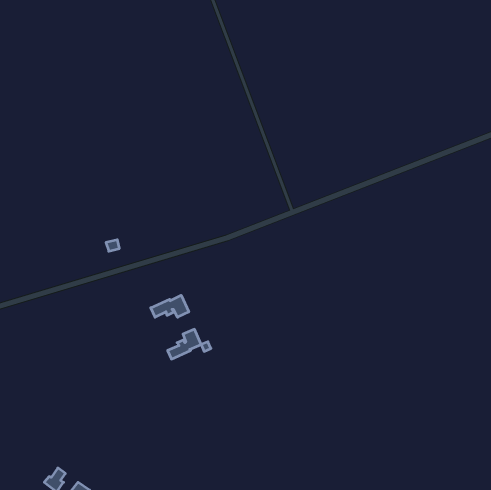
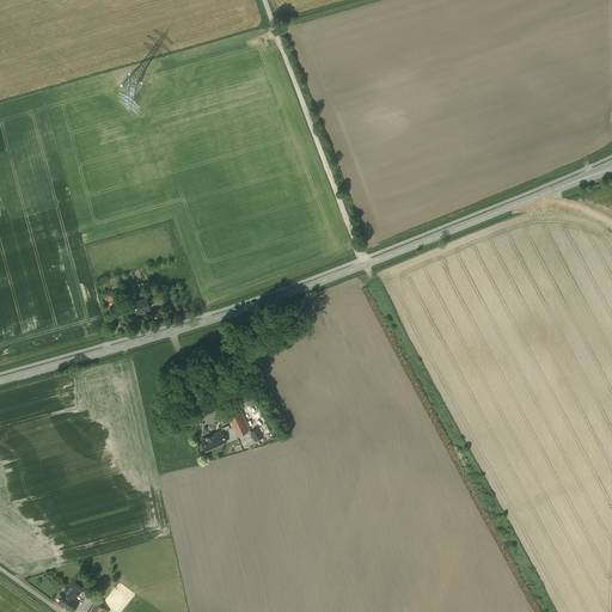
building: [151,295,189,317] -> none

